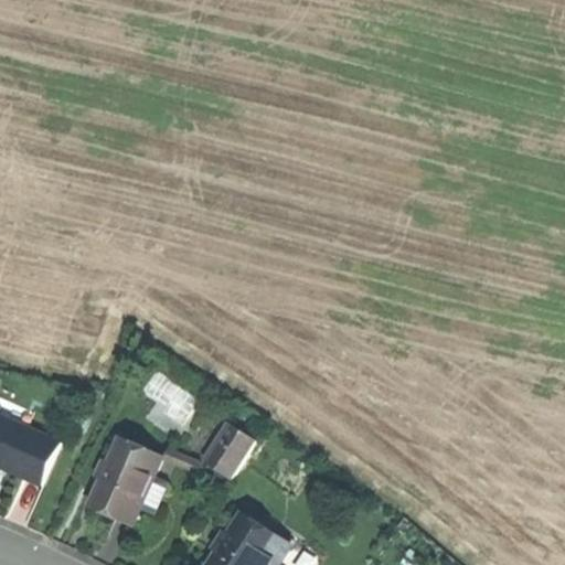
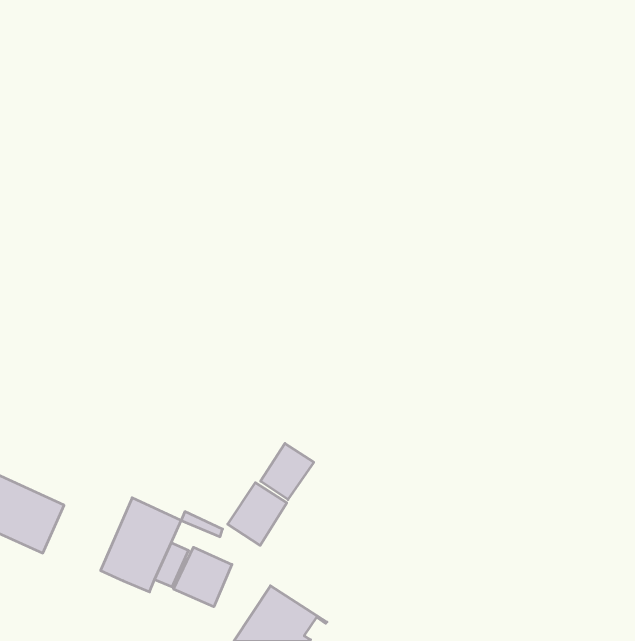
building: none -> [261,443,314,500]
building: none -> [174,547,232,607]

